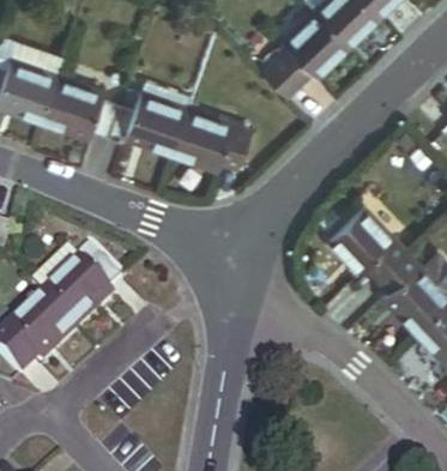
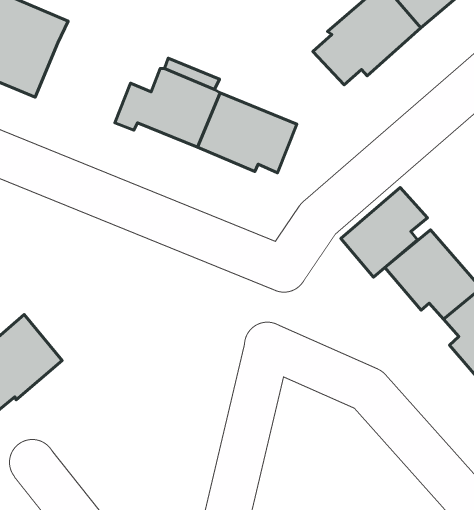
building: [40,77,115,138] -> none
building: none -> [341,188,427,277]
building: [30,248,120,330] -> none

